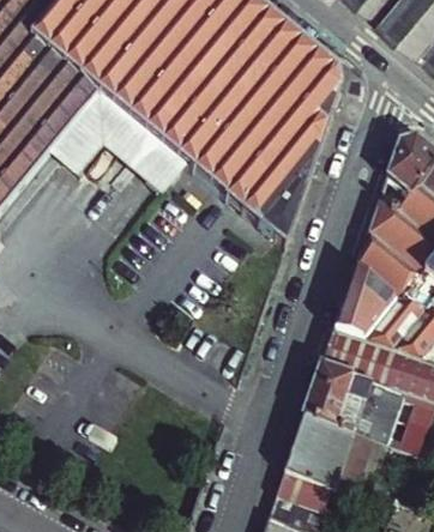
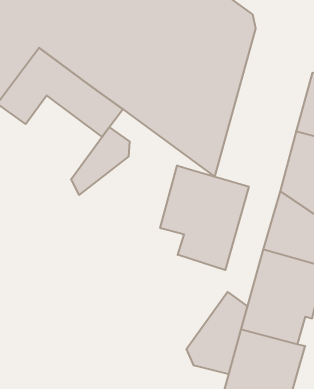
building: none -> [71,127,130,195]
building: none -> [160,165,249,270]
building: none -> [187,292,247,374]

